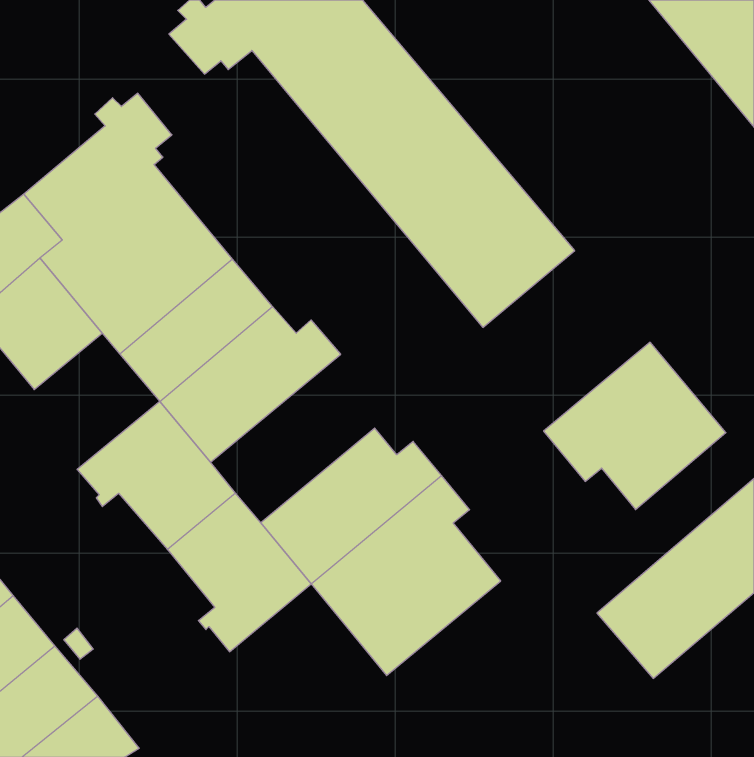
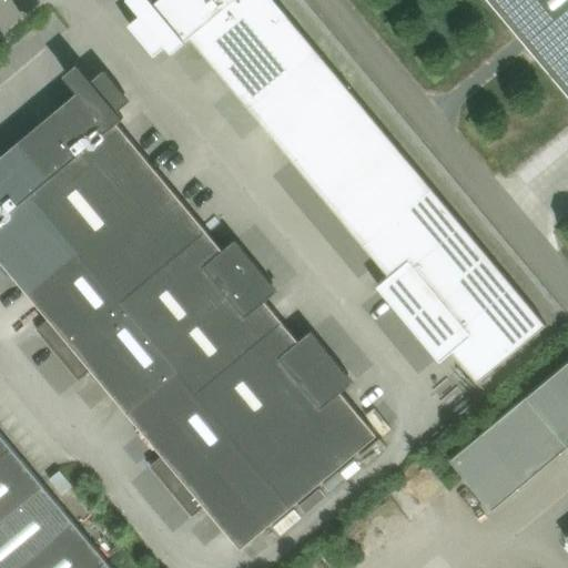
building: none -> [362,187,487,323]
building: none -> [26,250,120,352]
building: none -> [158,265,281,392]
building: none -> [172,437,290,548]

